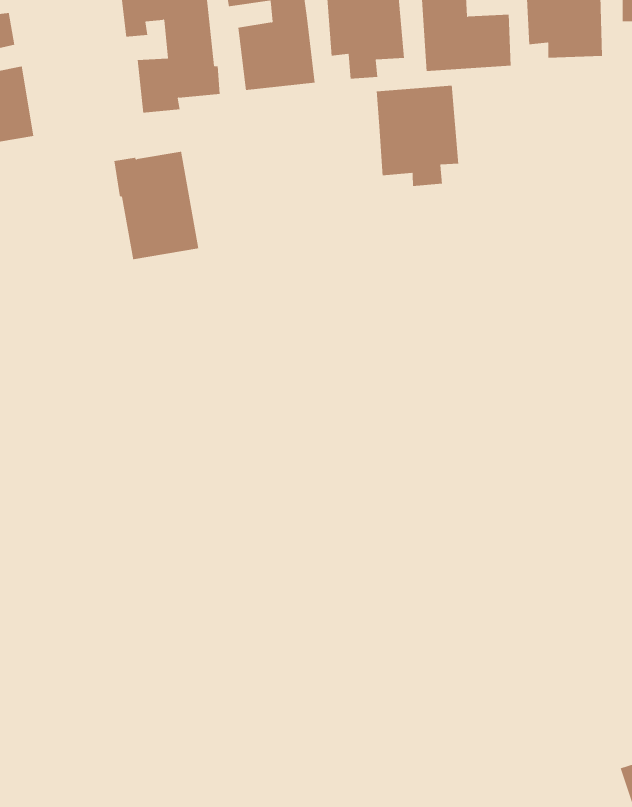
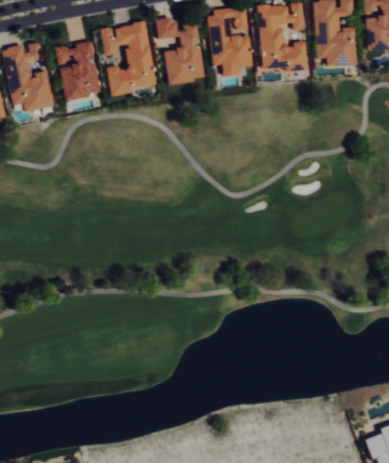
building: [376,85,459,187] -> none
building: [113,151,199,260] -> [58,42,103,99]

